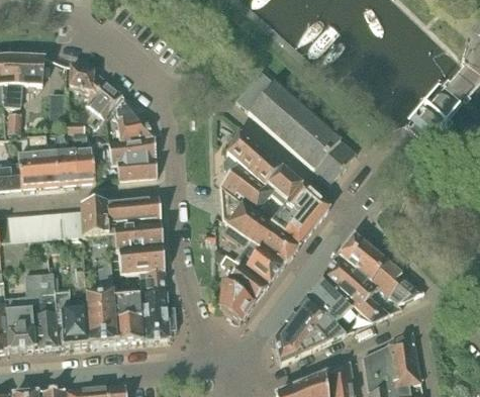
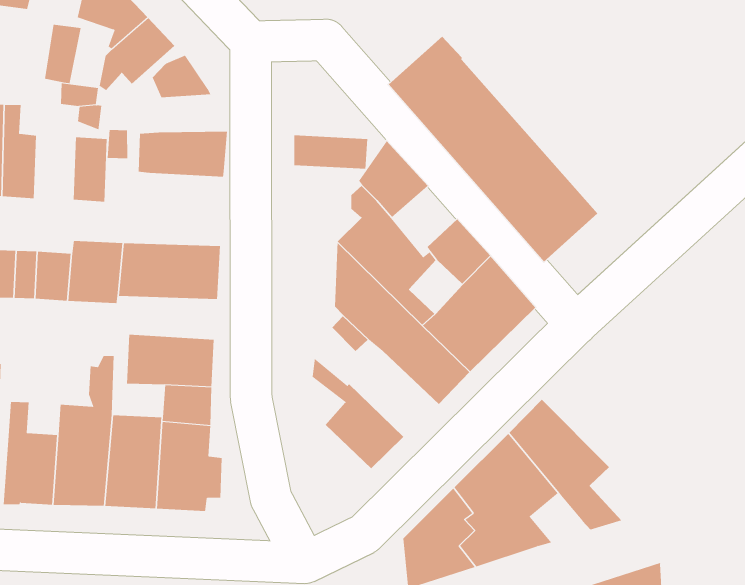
building: [117,117,156,140] -> none
building: [55,134,79,184] -> none
building: [248,151,282,188] -> none
building: [117,160,158,179] -> [293,135,368,169]
building: [108,224,163,250] -> none
building: [339,234,424,302] -> none
building: [236,240,285,284] -> none
building: [219,280,254,321] -> none

